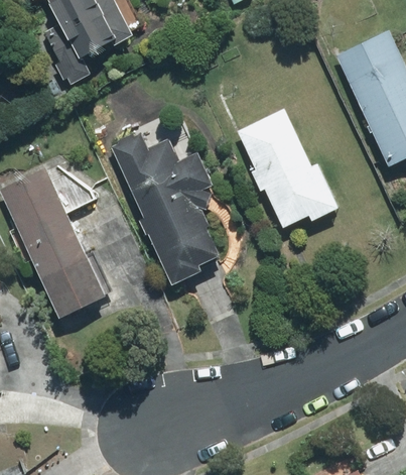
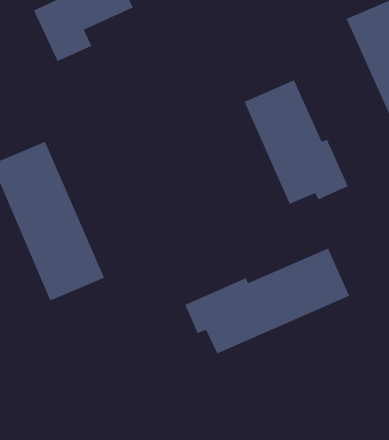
building: [110,132,217,287] -> none
building: none -> [184,247,350,355]

